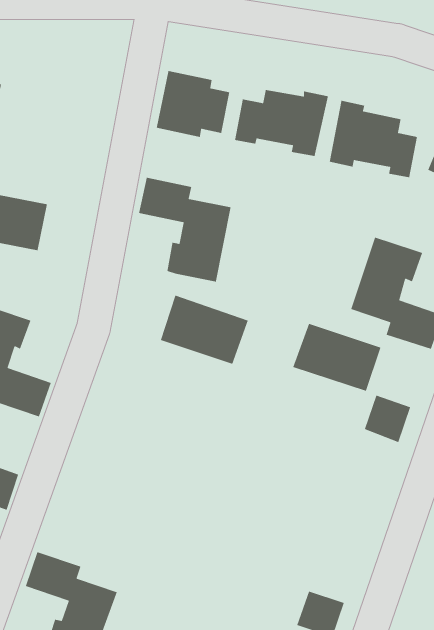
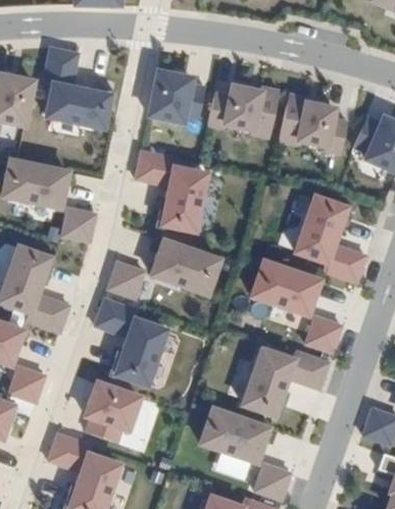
building: none -> [47,39,114,119]
building: none -> [62,208,96,242]
building: none -> [108,261,145,298]
building: none -> [96,298,166,384]
building: none -> [244,348,330,415]
building: none -> [87,383,140,442]
building: none -> [201,408,268,461]

